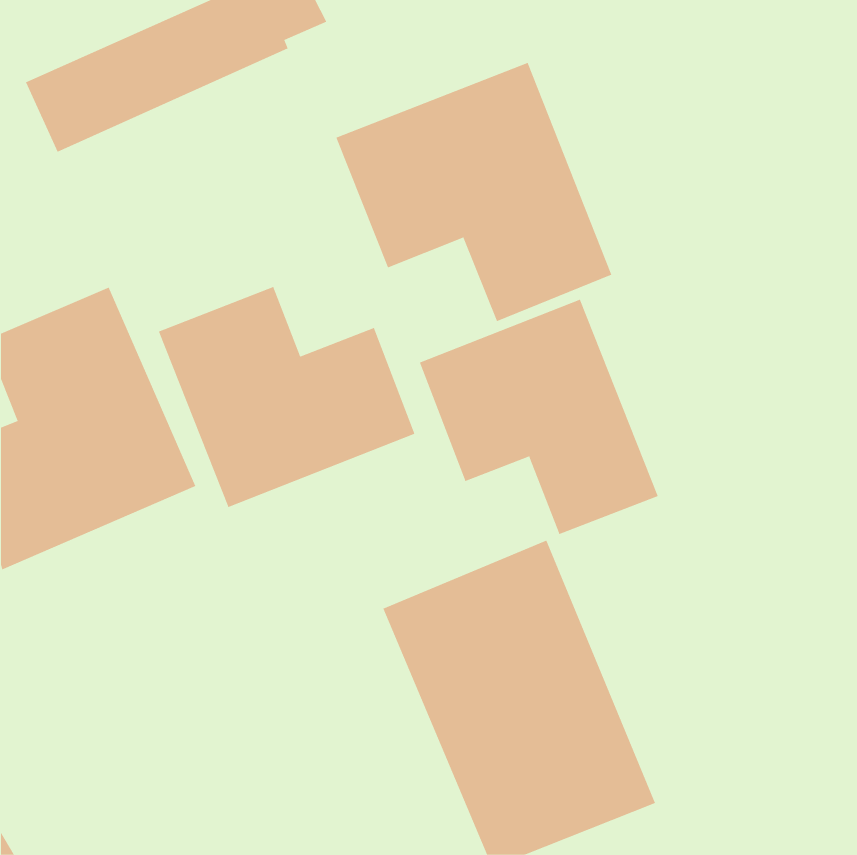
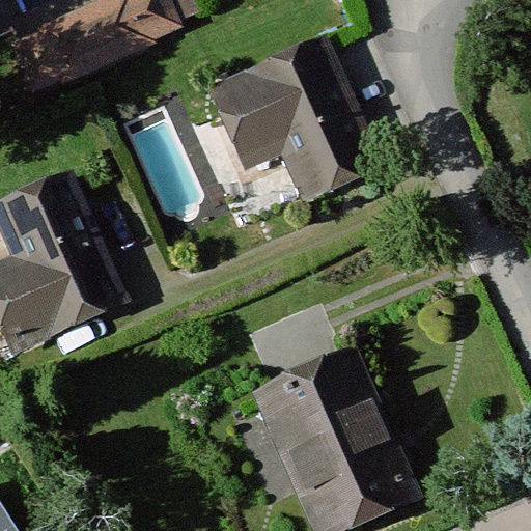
building: [158,286,415,508] -> none
building: [419,299,658,535] -> none

